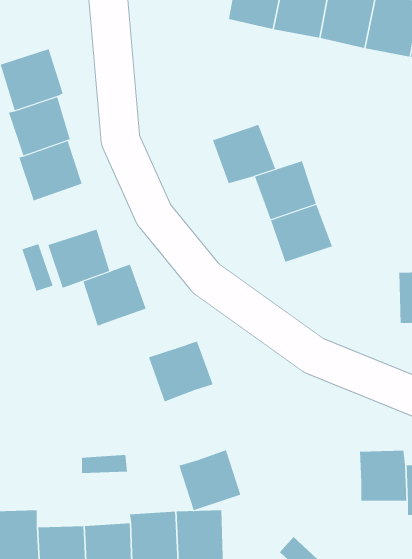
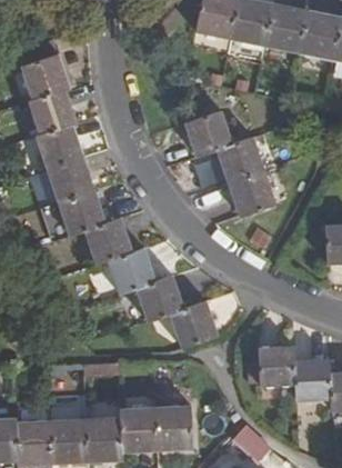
building: none -> [47,157,95,203]
building: none -> [108,249,155,295]
building: none -> [259,347,296,386]
building: [179,450,241,511] -> [170,302,218,349]

